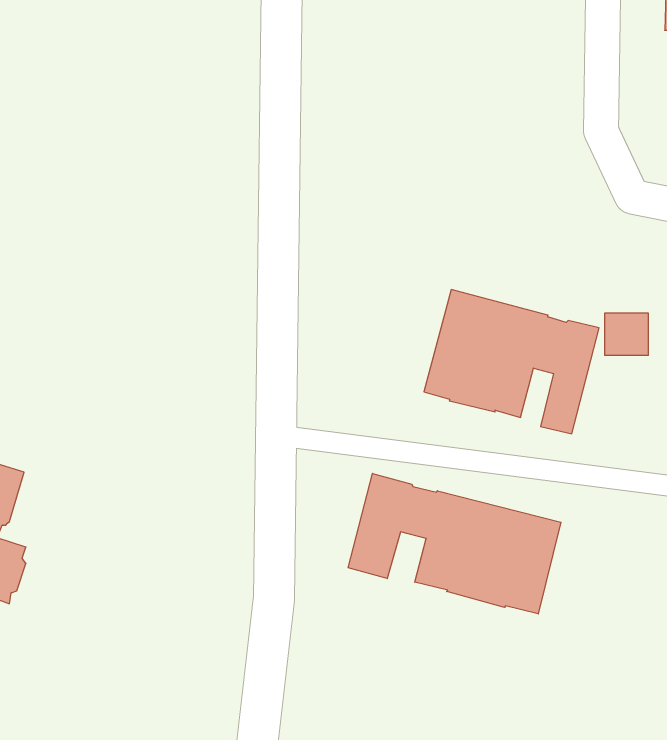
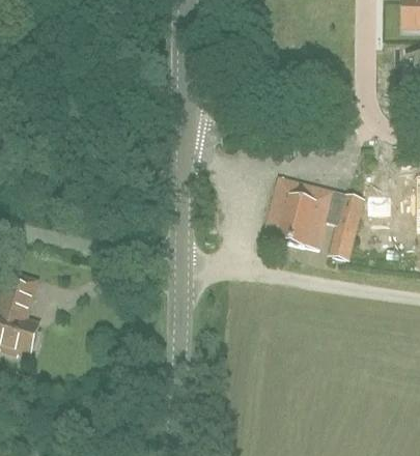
building: [348,473,561,614] -> none

